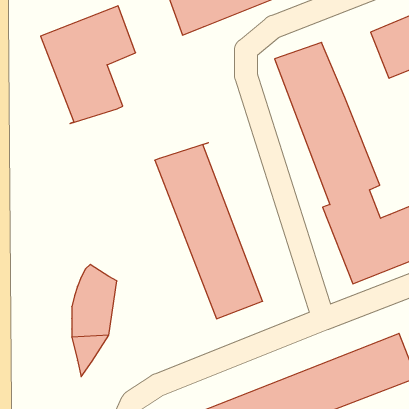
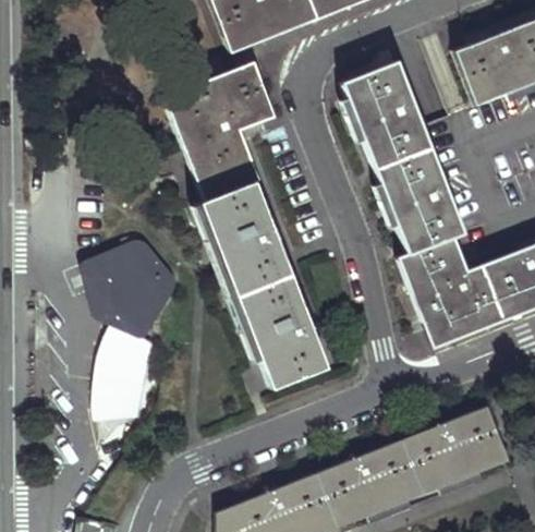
building: [41,6,136,124] -> [162,61,275,201]
building: none -> [86,245,178,339]

